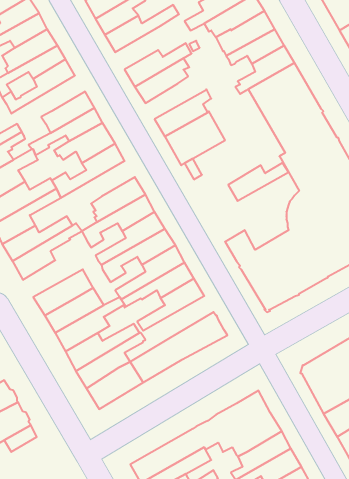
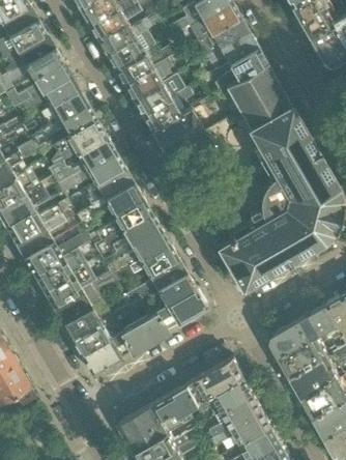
building: none -> [106,30,154,69]
building: none -> [21,75,79,111]
building: none -> [57,151,123,192]
building: [228,163,288,201] -> [133,80,186,114]
building: none -> [23,224,90,274]
building: none -> [128,272,194,312]

